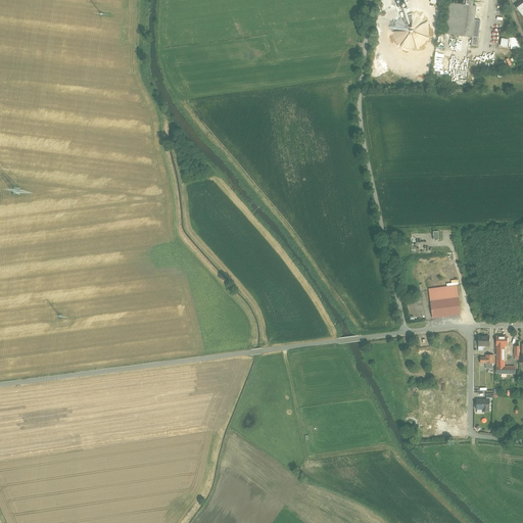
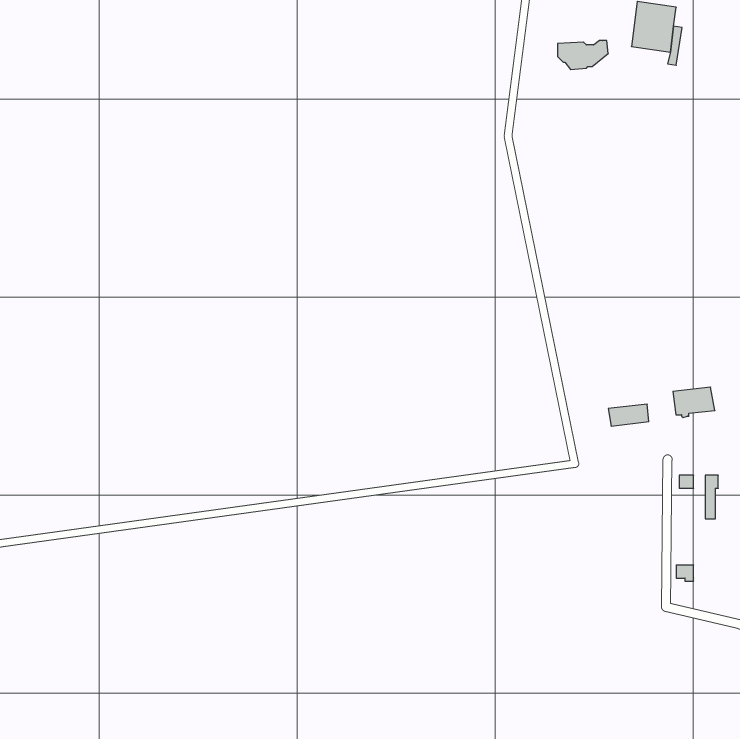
building: [431,297,461,319] -> [673,387,715,418]

